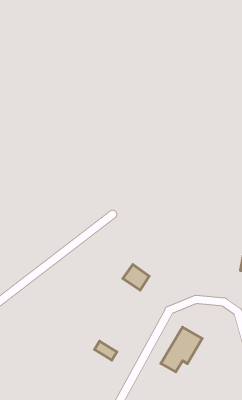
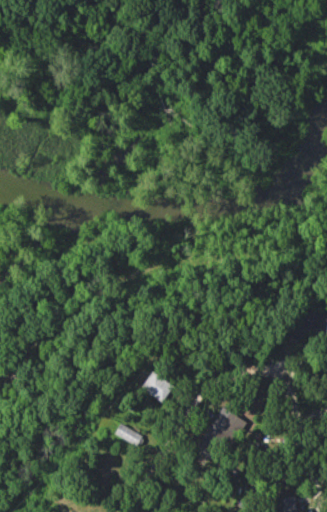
building: [123,265,149,290] -> [143,373,175,404]

